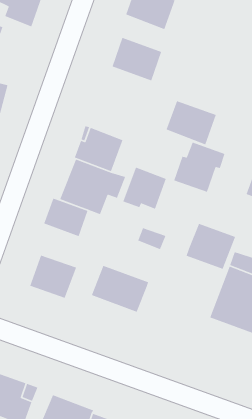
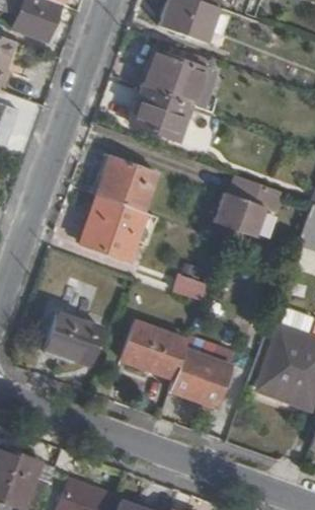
building: [165,100,217,145] -> [129,88,189,142]
building: [122,166,167,210] -> none
building: [43,197,88,237] -> none
building: [185,223,236,270] -> [169,349,229,405]

